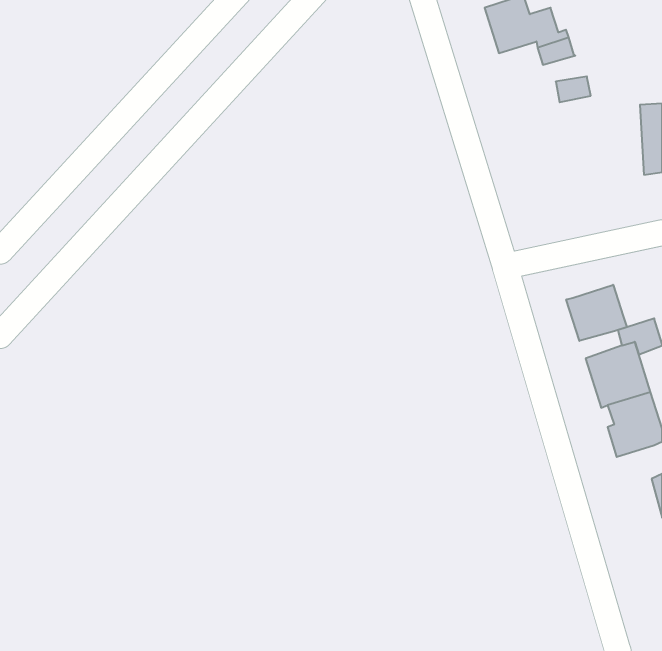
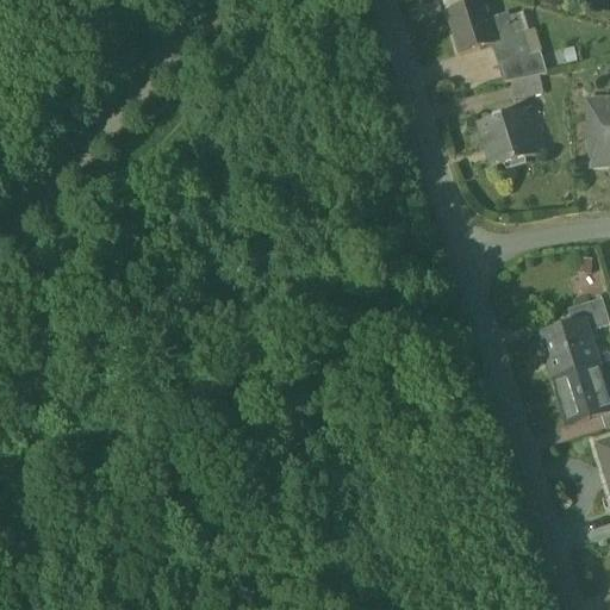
building: none -> [499,46,547,76]
building: none -> [479,106,535,163]
building: [566,285,627,341] -> none

